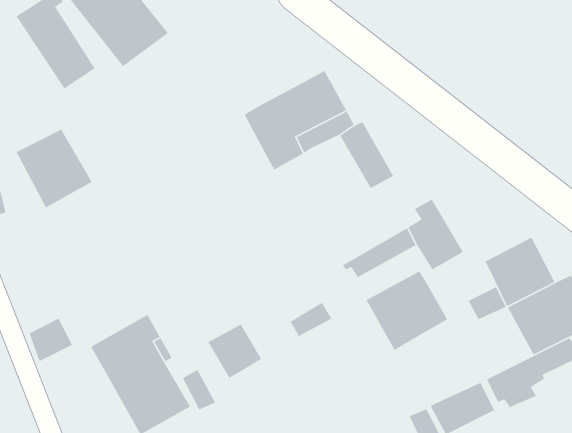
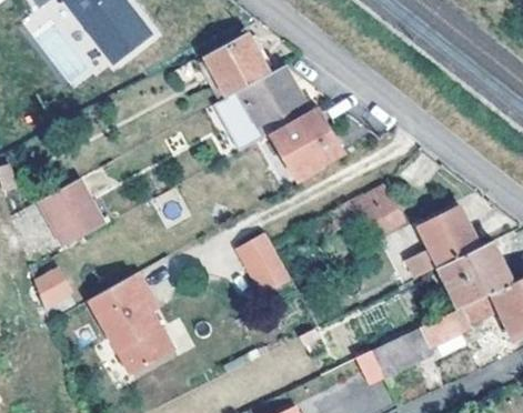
building: none -> [208,32,270,94]
building: [16,128,93,208] -> [38,178,103,245]
building: none -> [273,120,323,179]
building: [366,270,448,351] -> none
building: [207,324,262,379] -> [235,231,282,278]

